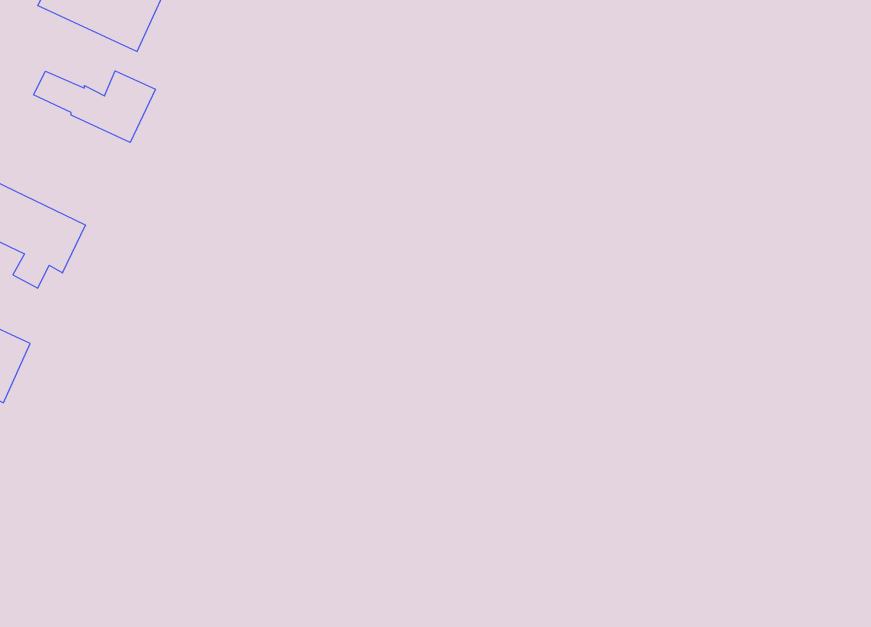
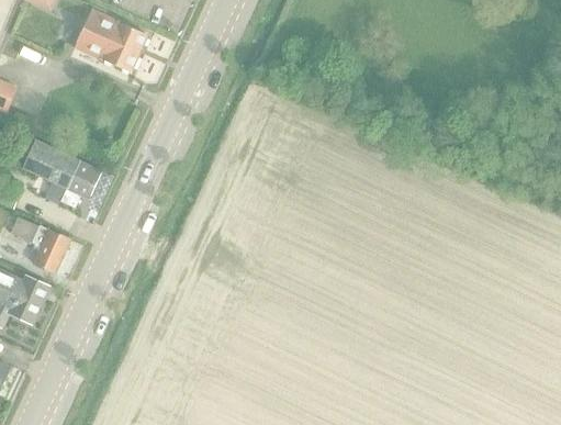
building: [34,71,156,142] -> none

